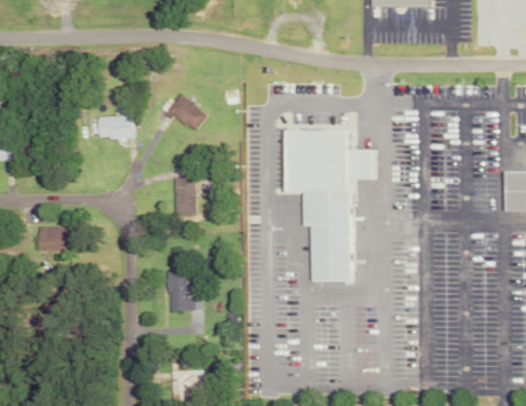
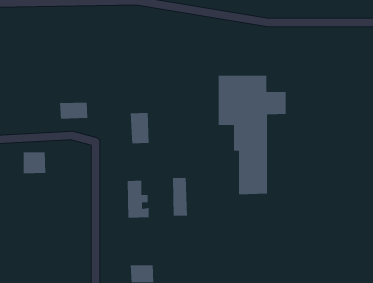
building: [167,94,209,132] -> none
building: [97,116,134,139] -> [59,102,88,119]
building: none -> [172,177,188,216]

